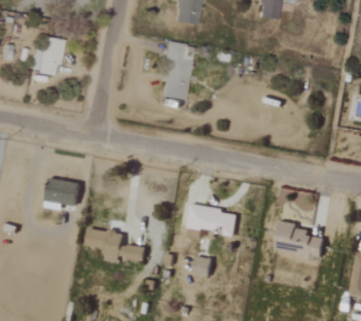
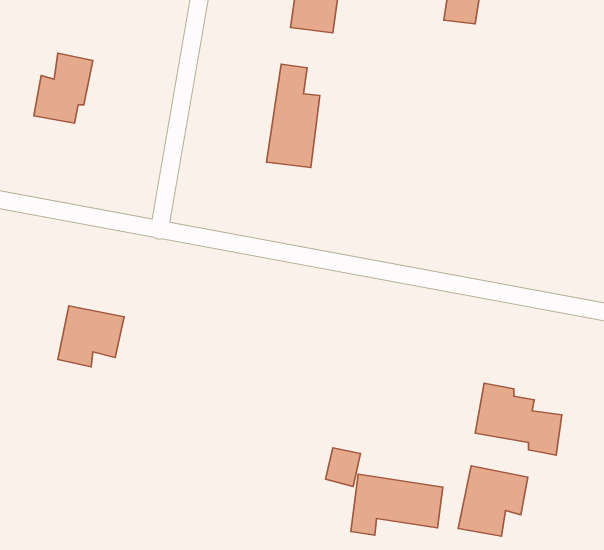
building: [188,205,240,239] -> [351,474,443,535]
building: [91,228,147,261] -> none
building: none -> [458,466,528,536]

